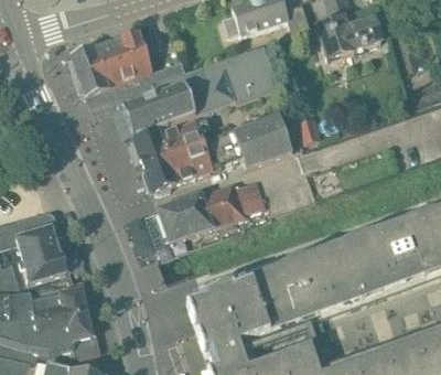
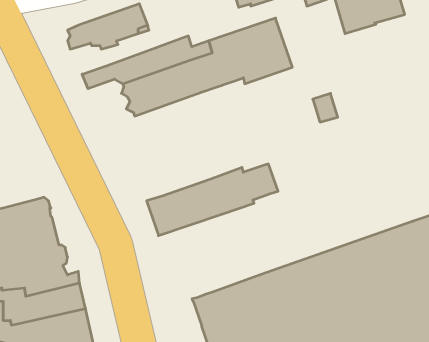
building: [74,66,108,95] -> none
building: [132,112,291,190] -> none

